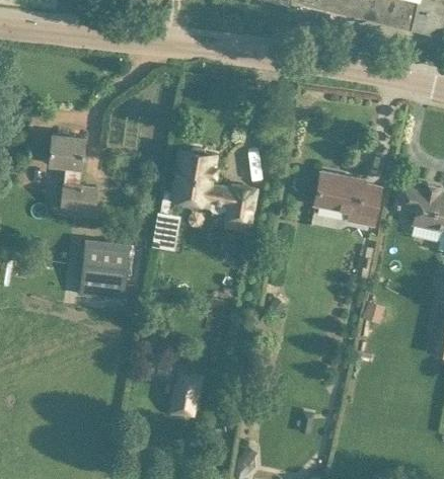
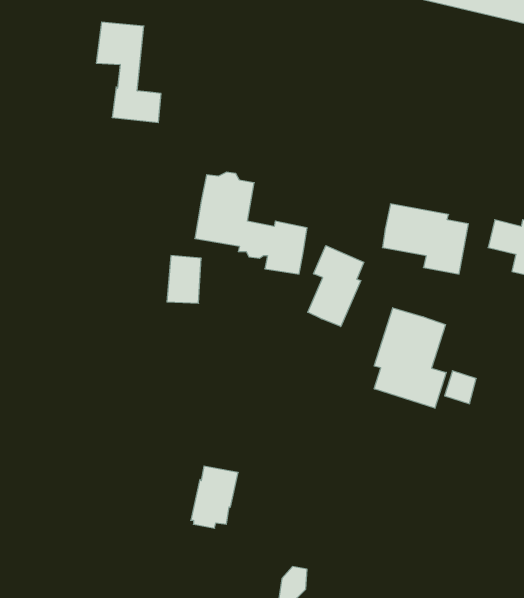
building: [49,134,98,211] -> [96,22,161,123]
building: none -> [308,246,364,327]
building: [80,239,129,299] -> none
building: none -> [374,308,446,408]

